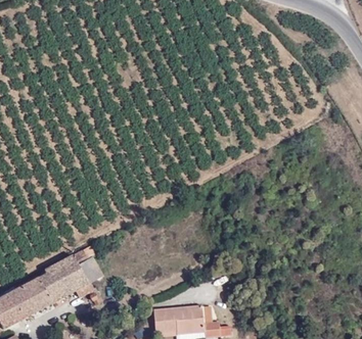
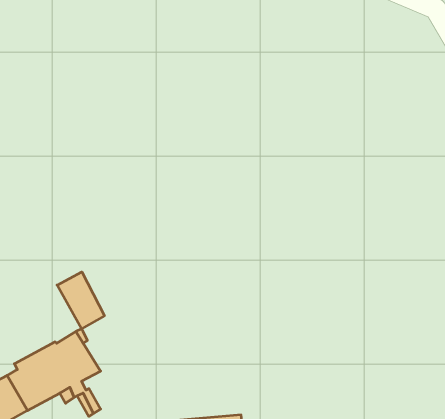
building: none -> [57,272,104,329]

